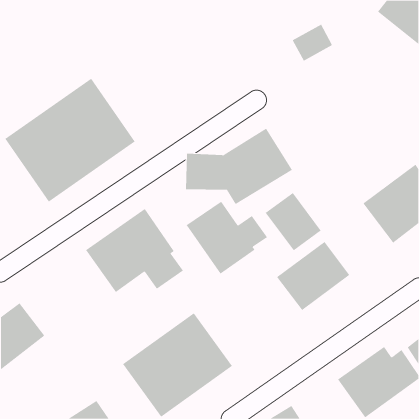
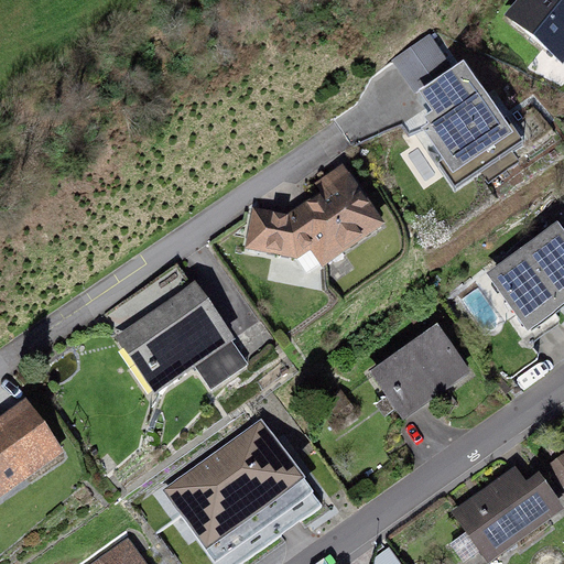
building: none -> [419,58,513,171]
building: [4,78,135,202] -> none
building: [265,192,322,251] -> none
building: [186,201,268,274] -> none

